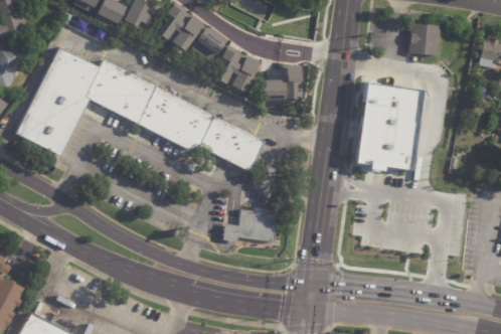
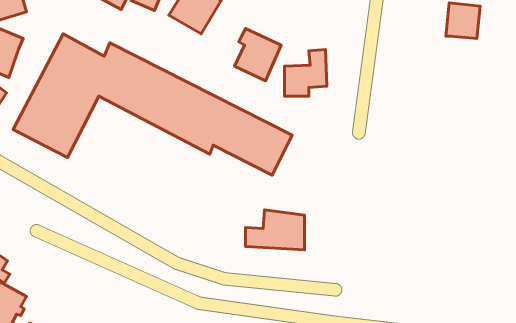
building: [190,25,225,60] -> none
building: [353,80,421,169] -> none

